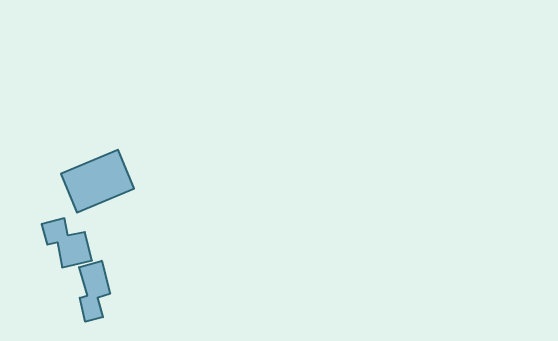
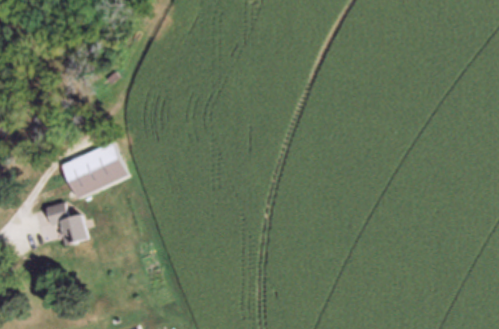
building: [79,261,110,322] -> none

